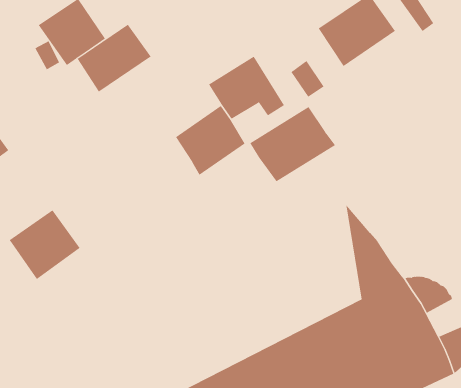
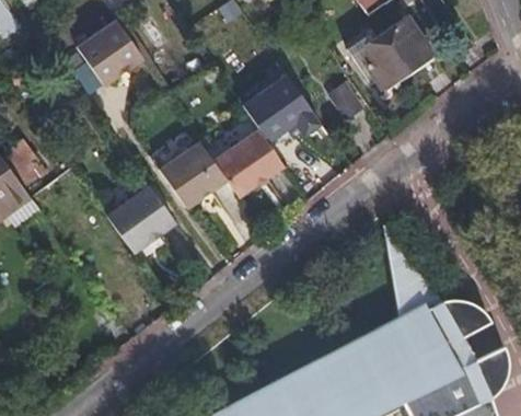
building: [77,24,151,92] -> none
building: [249,106,336,182] -> none
building: none -> [160,142,229,210]
building: [9,210,80,280] -> [104,184,175,254]

